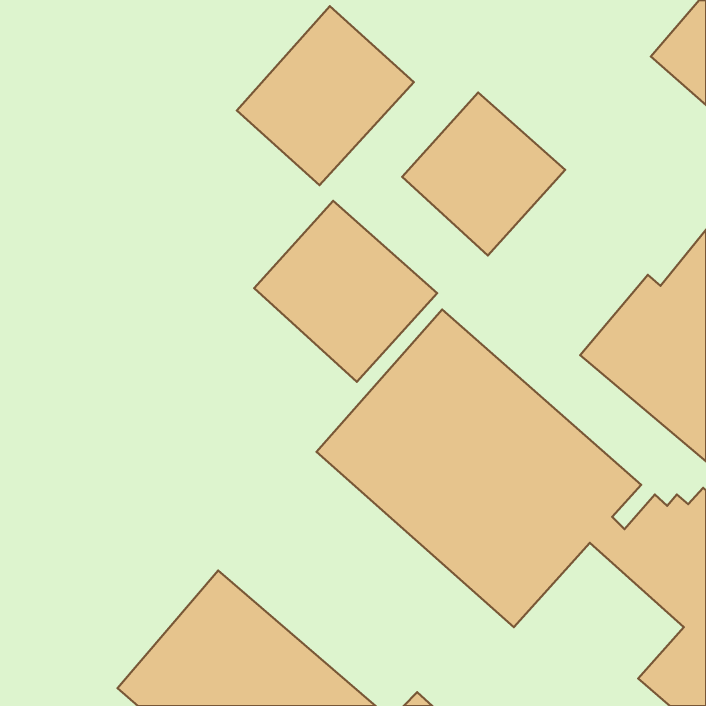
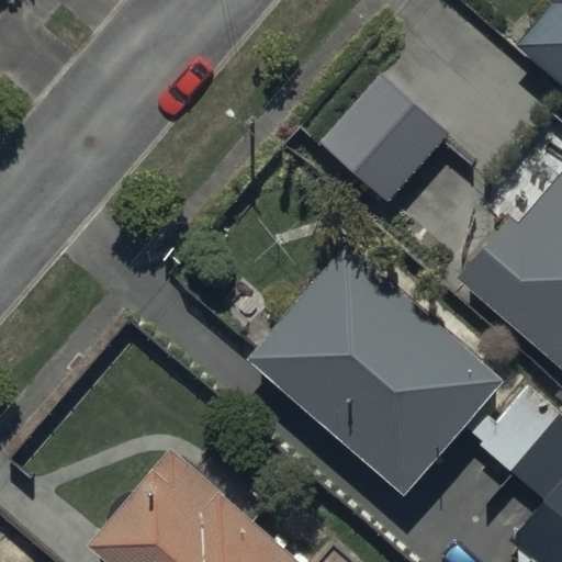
building: [237,6,414,185] -> none
building: [254,201,437,382] -> none

